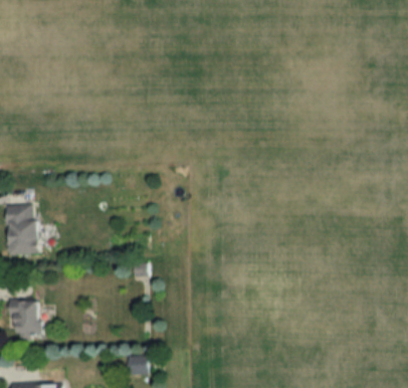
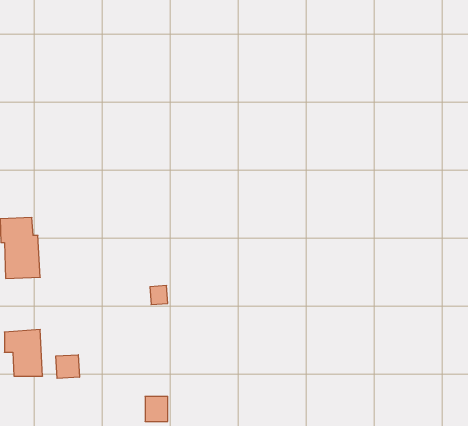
building: none -> [56,355,79,378]

